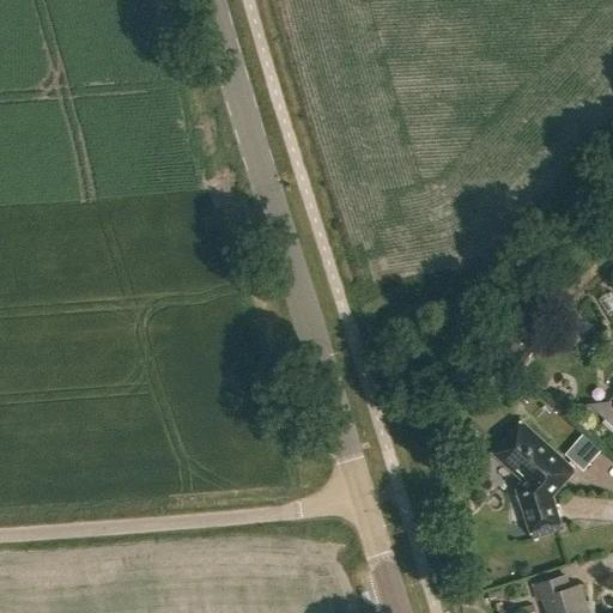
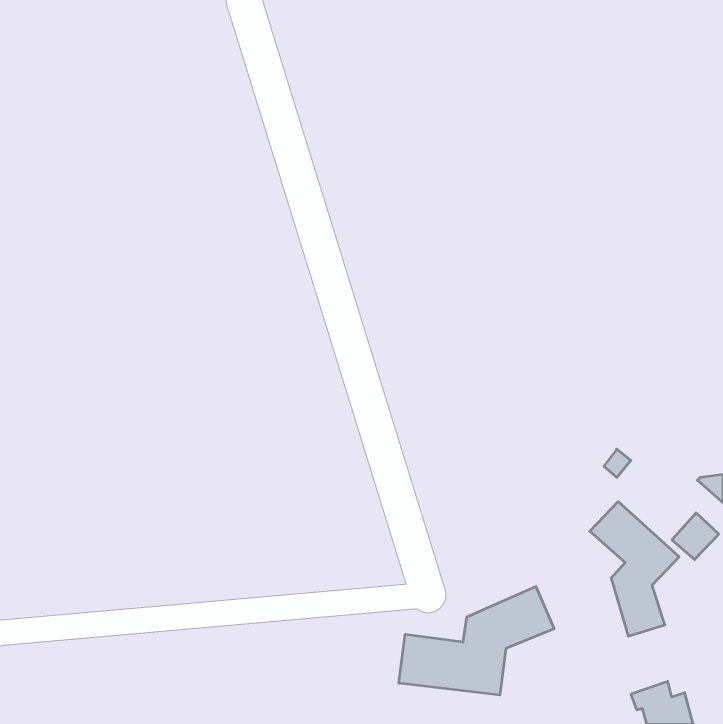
building: none -> [399,587,554,695]

